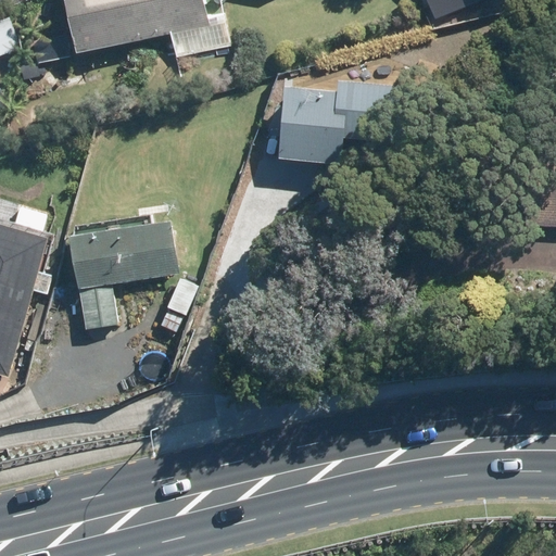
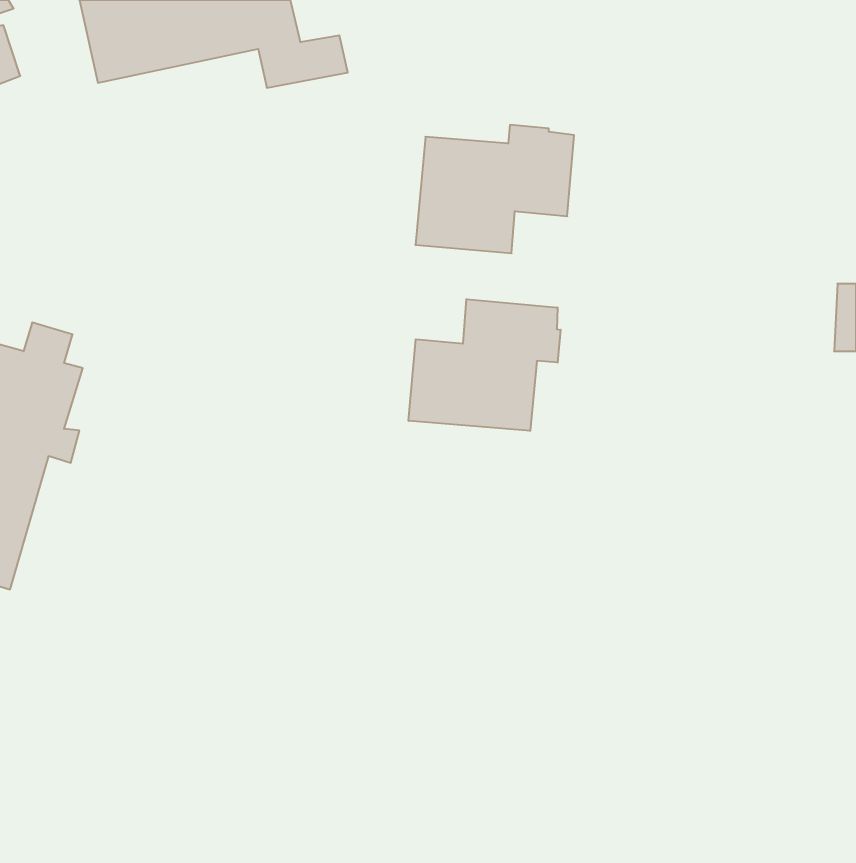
building: none -> [409,299,561,431]
building: [72,218,190,332] -> none

